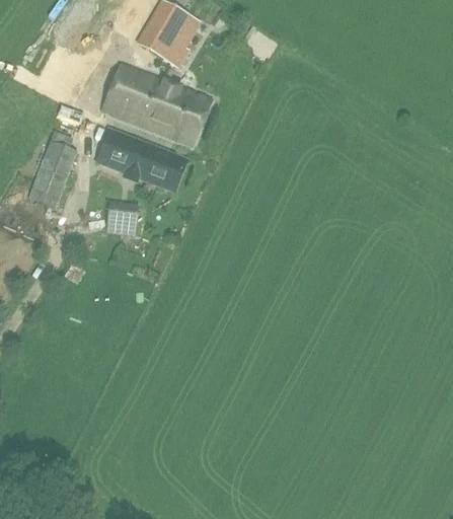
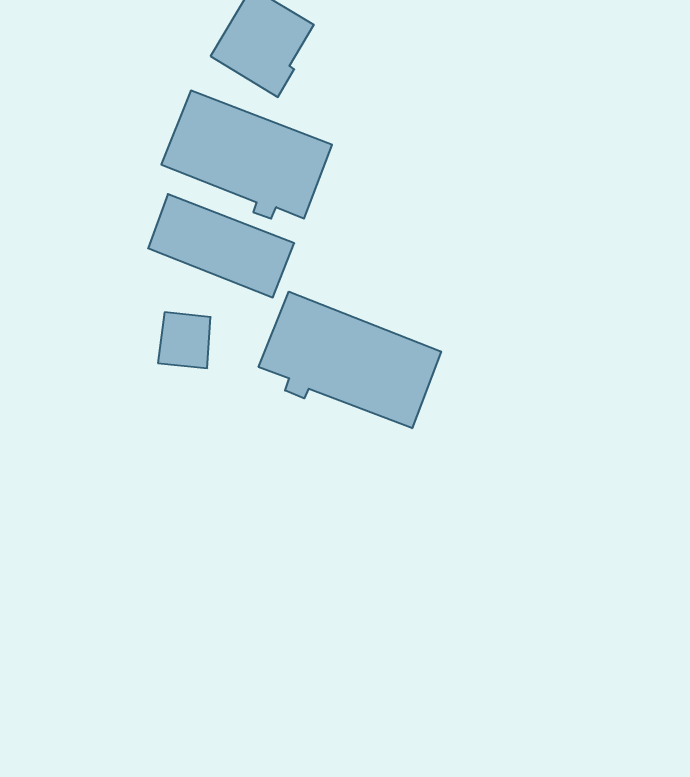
building: [26,140,76,208] -> none
building: none -> [259,292,441,428]

